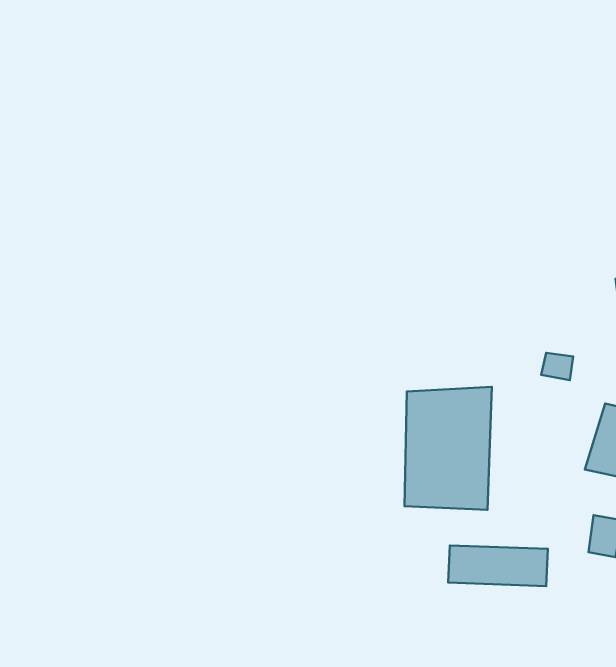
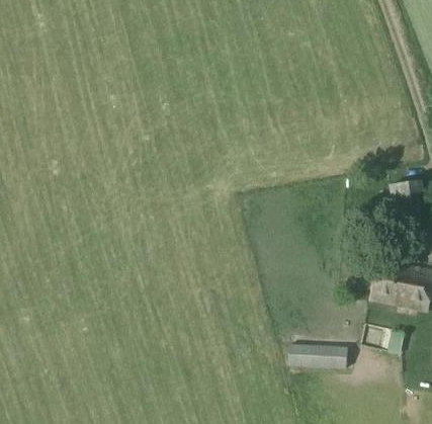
building: [405,387,492,510] -> none

